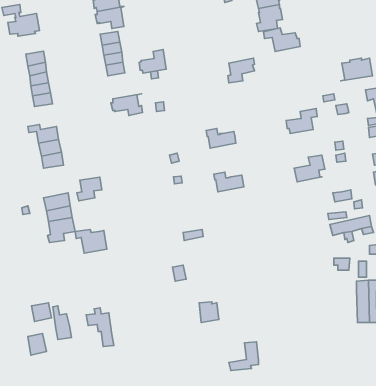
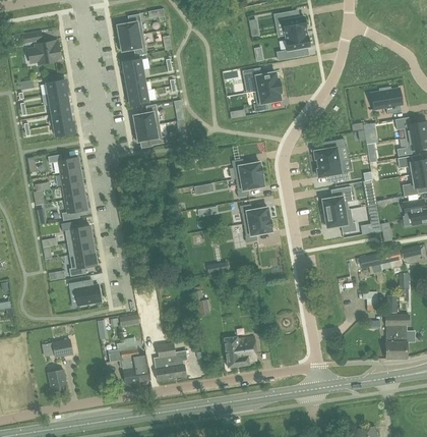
building: [263,28,300,51] -> [242,67,280,92]
building: [139,49,166,73] -> [131,104,159,128]
building: none -> [316,160,349,181]
building: none -> [235,174,263,198]
building: none -> [324,209,356,233]
building: [77,177,102,201] -> [61,197,86,221]
building: none -> [243,219,271,242]
building: [75,230,107,253] -> [68,281,101,306]
building: [53,306,72,340] -> [131,347,150,382]
building: none -> [154,343,187,381]
building: [229,342,258,370] -> [226,337,256,367]

